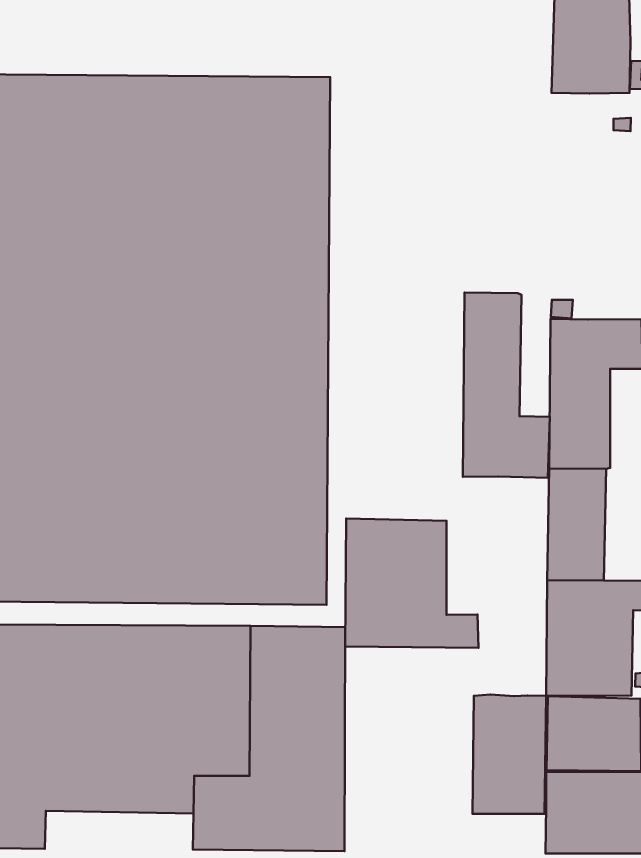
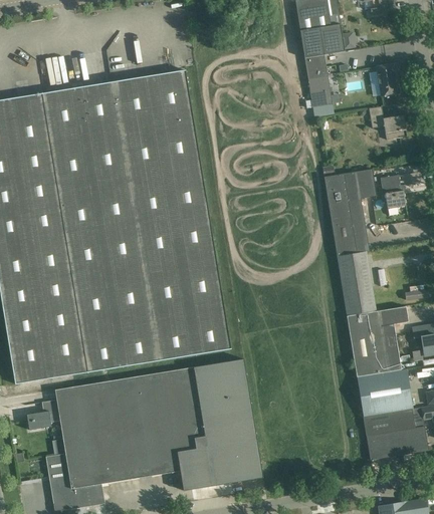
building: none -> [303,54,332,107]
building: [463,292,550,478] -> none
building: [345,519,479,648] -> none
building: [472,695,546,814] -> none

